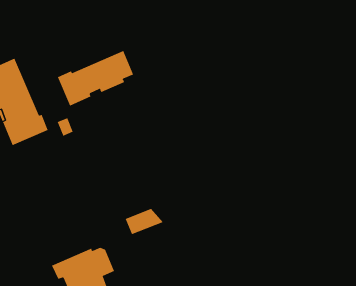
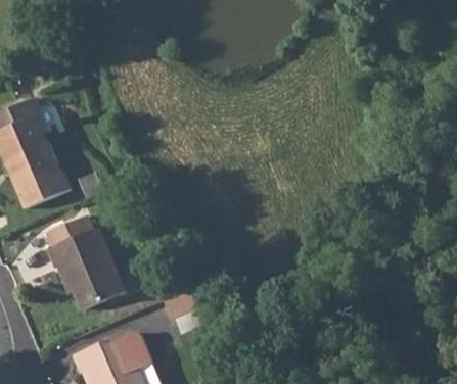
building: [57,50,134,106] -> none
building: none -> [45,215,125,309]

